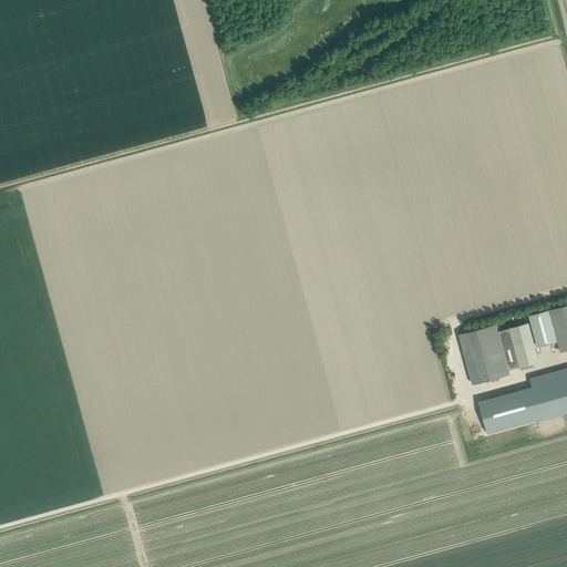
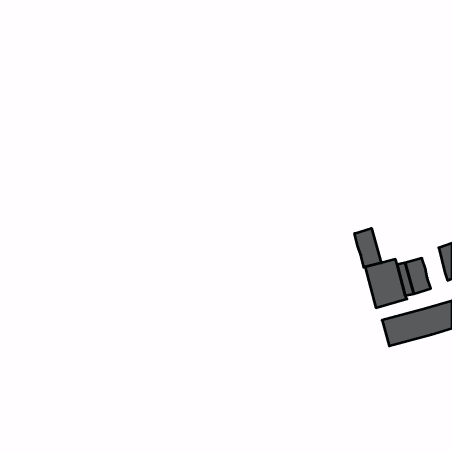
building: none -> [355,228,381,267]
building: [528,310,557,348] -> none

